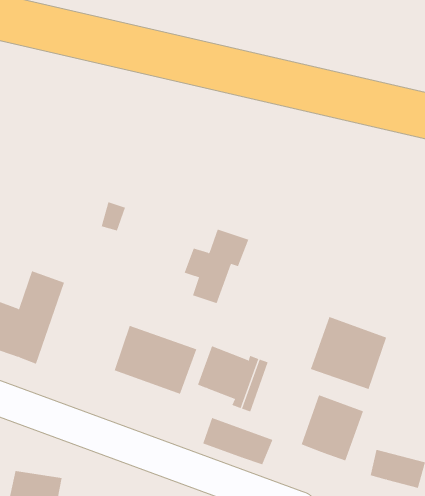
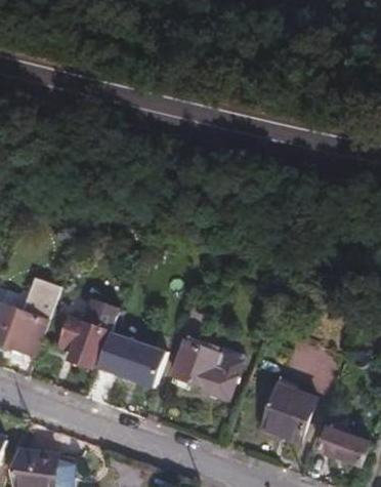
building: [184,229,249,304] -> [59,300,116,365]
building: [310,316,387,390] -> none
building: [202,417,273,465] -> none

